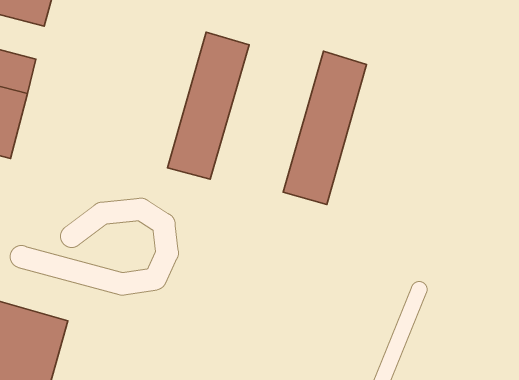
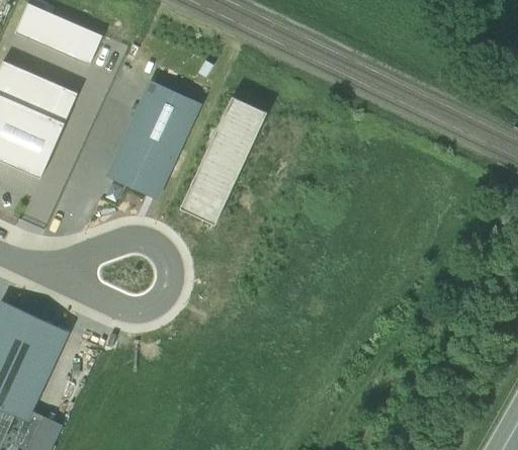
building: none -> [107,80,200,198]
building: [283,51,367,204] -> none

